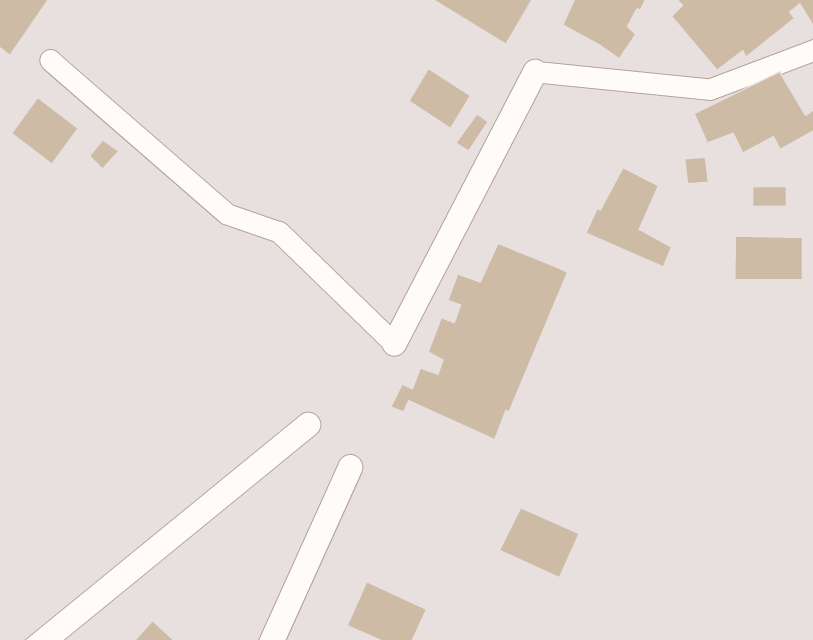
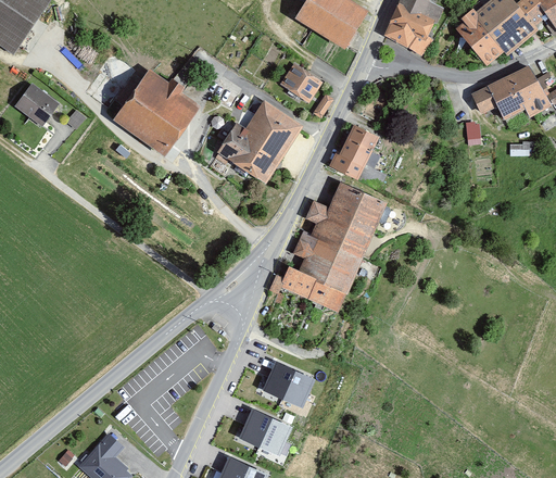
building: none -> [113,67,201,155]
building: none -> [216,100,301,181]
building: [586,168,672,267] -> [329,123,387,189]
building: [735,236,802,280] -> none
building: [500,508,579,578] -> [262,361,315,407]

